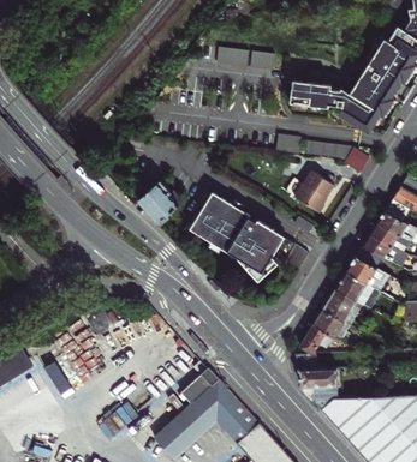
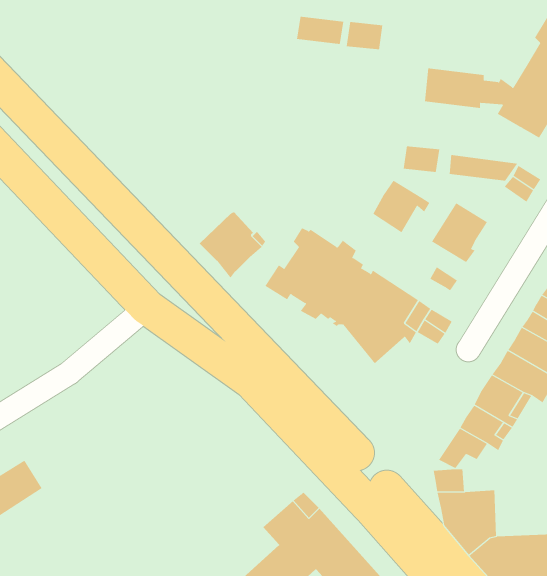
building: none -> [372,180,430,233]

